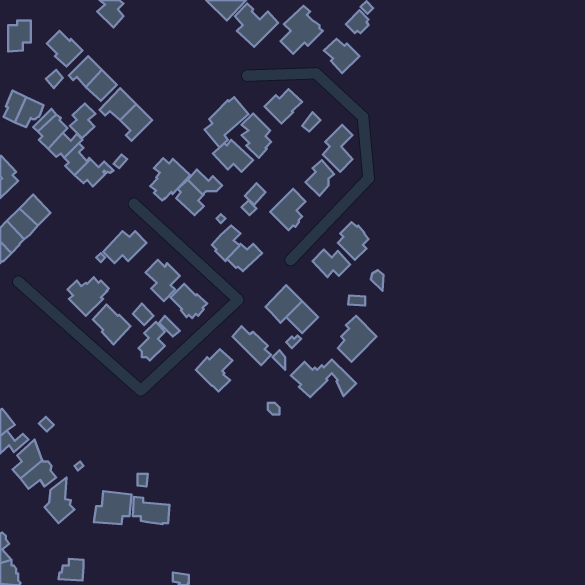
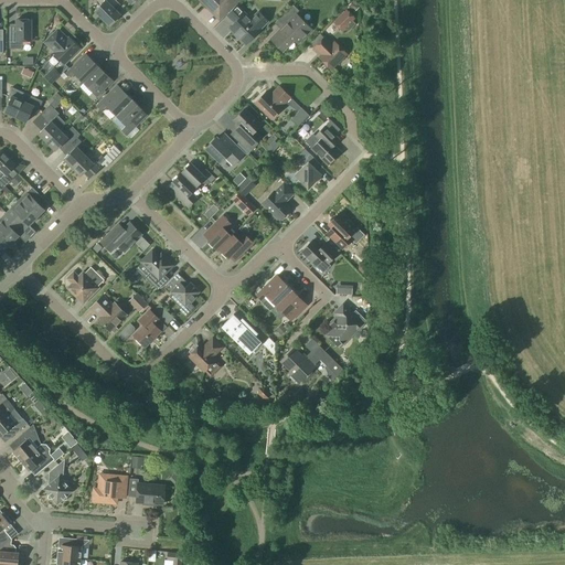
building: [205,97,248,147] -> none
building: [70,103,96,138] -> none
building: [150,158,190,201] -> none

